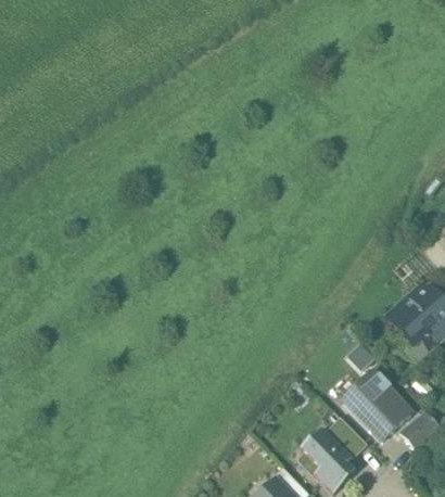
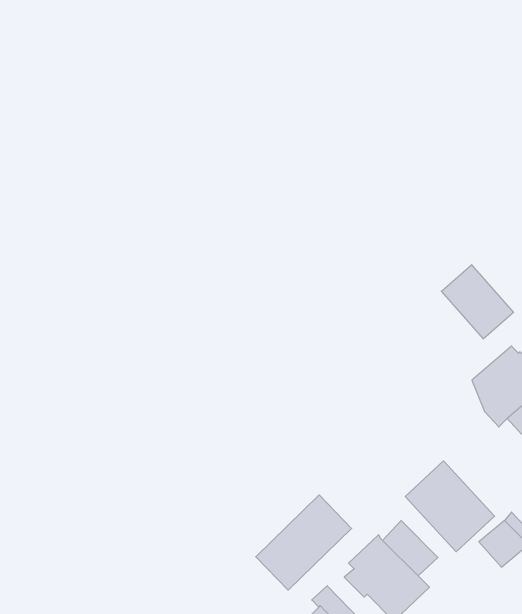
building: none -> [441,265,513,339]
building: none -> [256,495,352,590]

